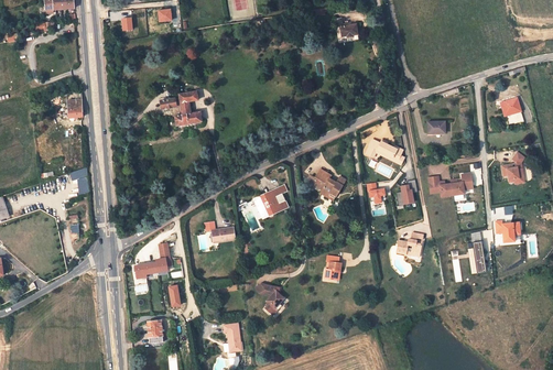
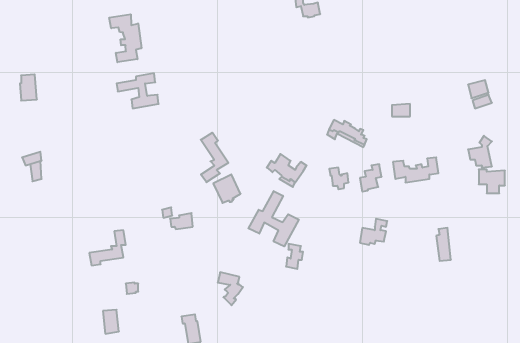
building: none -> [109,14,141,62]
building: none -> [201,133,228,182]
building: none -> [248,191,299,246]
building: [495,220,520,243] -> [479,169,505,193]

